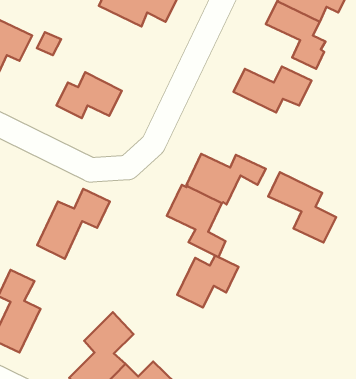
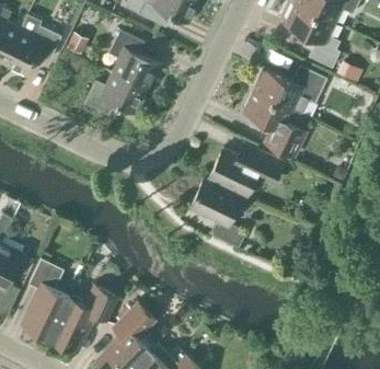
building: none -> [108,31,159,89]
building: [268,172,336,242] -> [242,90,307,157]
building: [37,189,110,259] -> [49,285,118,351]
building: [177,256,239,307] -> none

